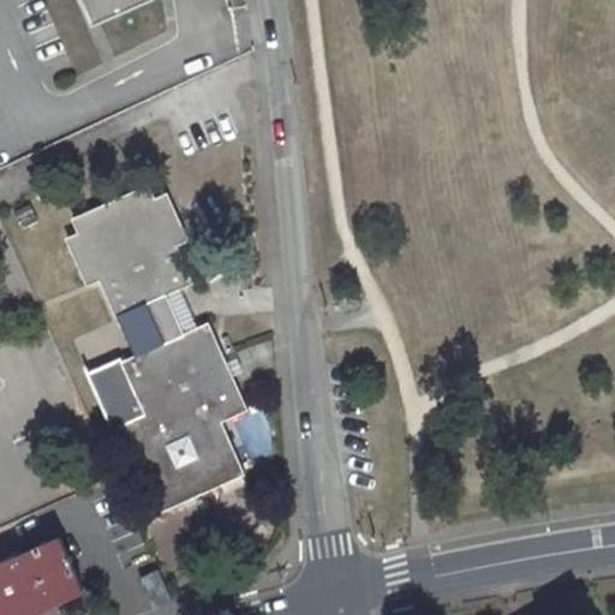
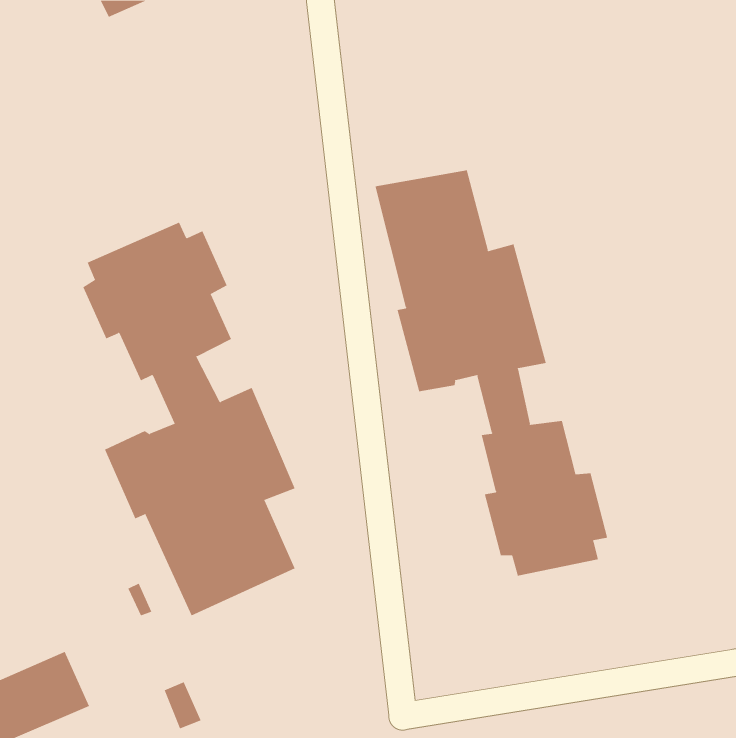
building: none -> [375,169,608,577]

